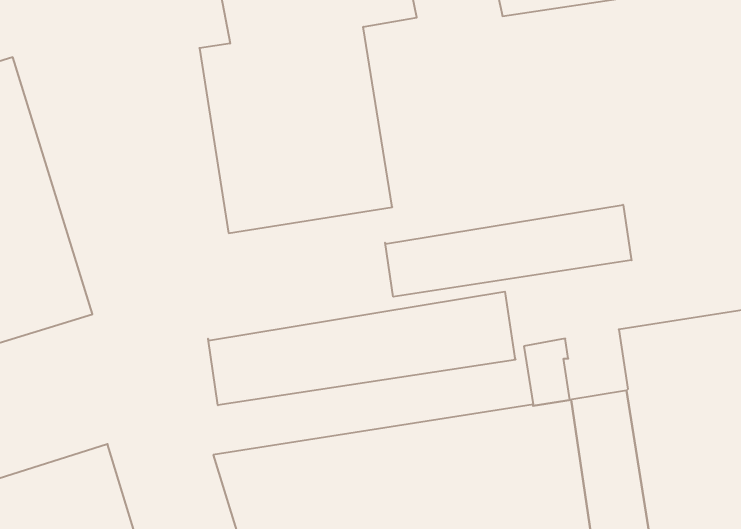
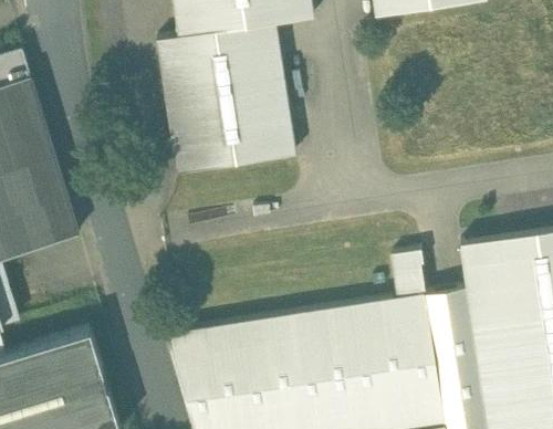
building: [385,205,632,297] -> none
building: [208,292,515,405] -> none

